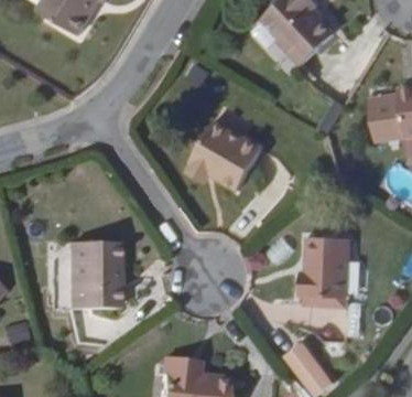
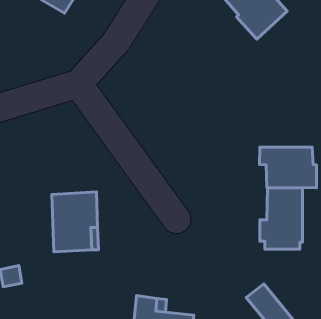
building: [188,121,262,190] -> none
building: none -> [259,147,317,188]

